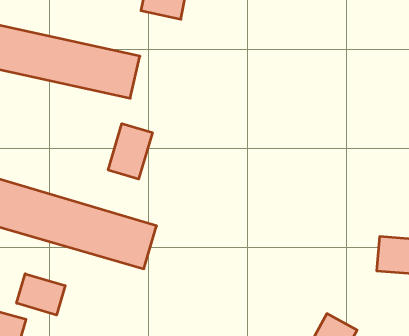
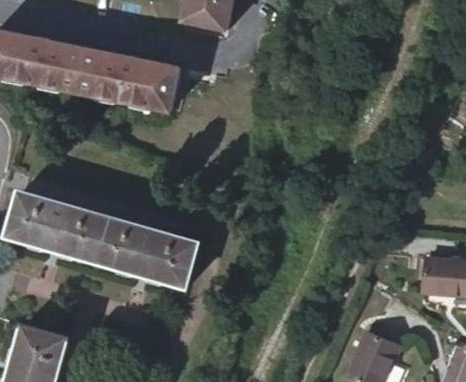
building: [108,124,152,179] -> none
building: [17,274,65,315] -> none

